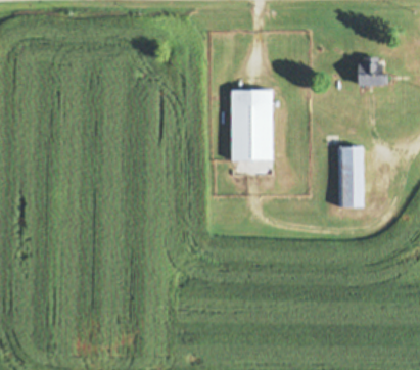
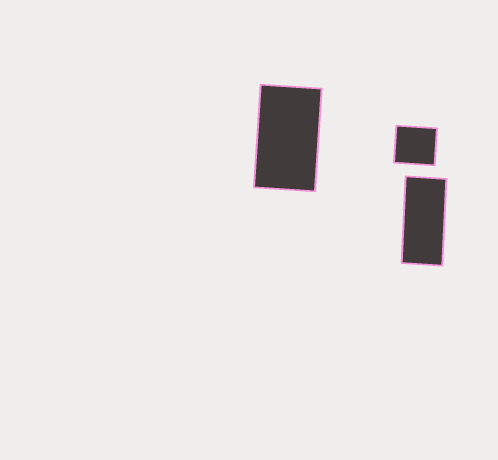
building: [358,60,386,86] -> [394,126,437,165]

